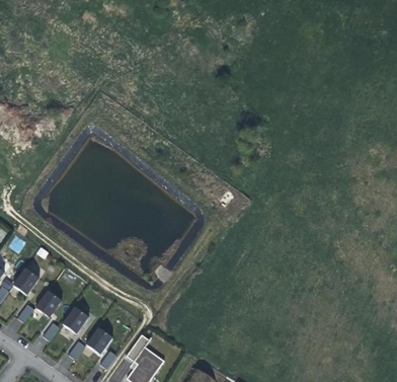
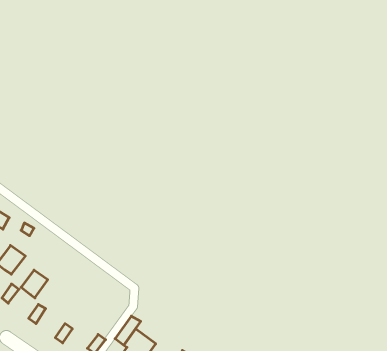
building: [62,307,88,334] -> none
building: [85,327,112,355] -> none

